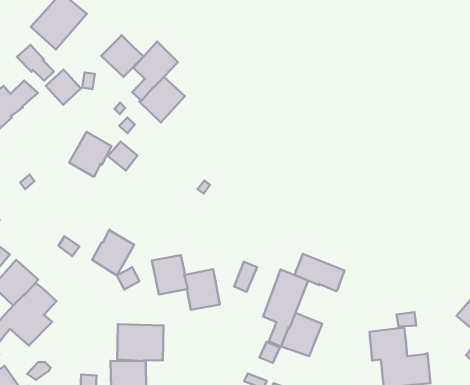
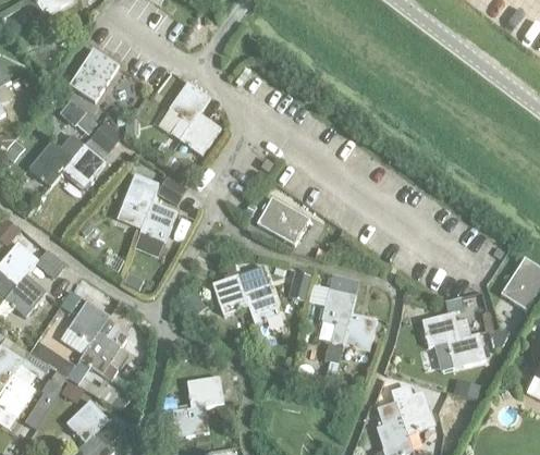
building: [101,35,144,77] -> none
building: none -> [62,144,105,186]
building: none -> [256,197,309,245]
building: [92,229,134,275] -> [139,200,176,242]
building: [295,254,344,291] -> none
building: [117,324,163,361] -> none

